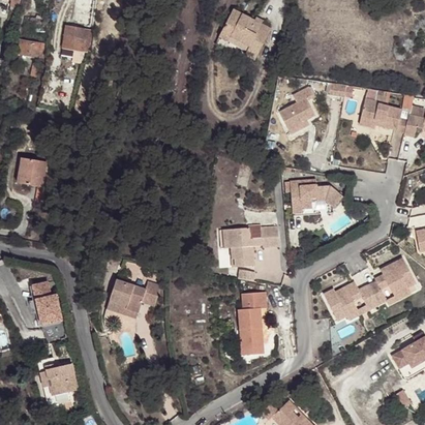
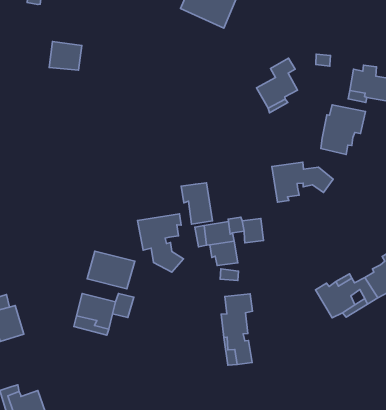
building: [62,24,92,51] -> [49,41,82,70]
building: none -> [321,105,365,154]
building: none -> [181,183,213,224]
building: none -> [138,214,184,272]
building: none -> [87,251,135,289]

